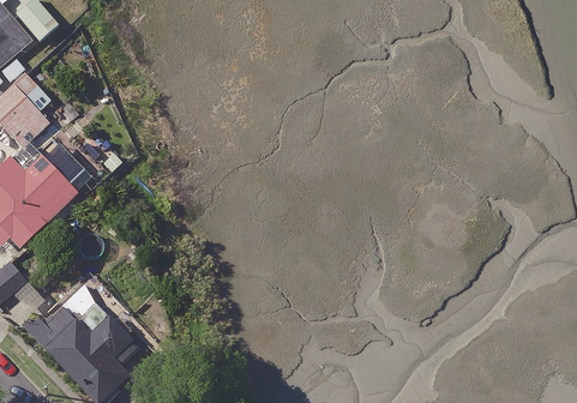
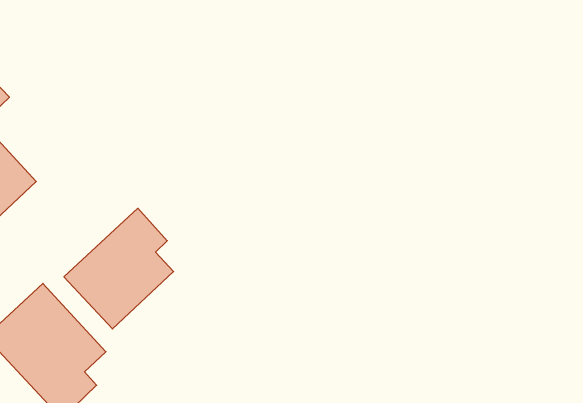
building: none -> [64,208,174,329]

